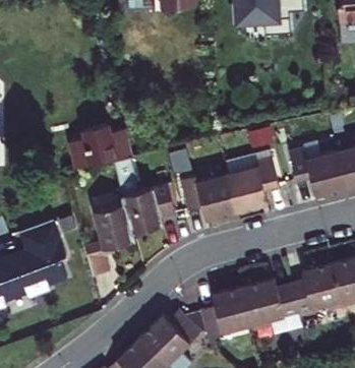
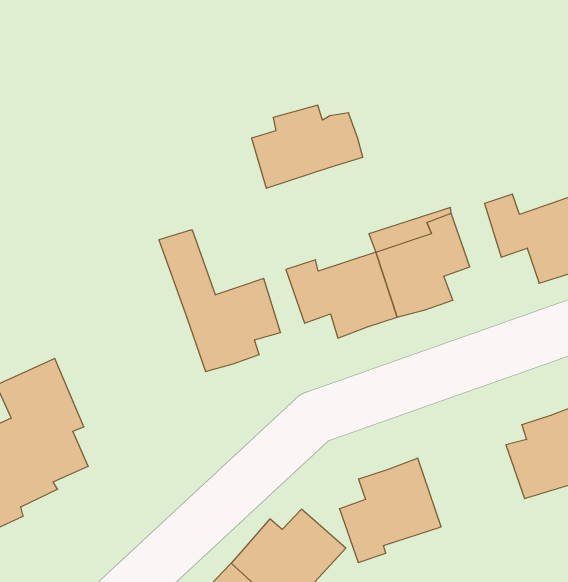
building: [71,126,130,169] -> [252,105,363,188]
building: [84,202,136,275] -> none
building: [244,279,300,329] -> none

